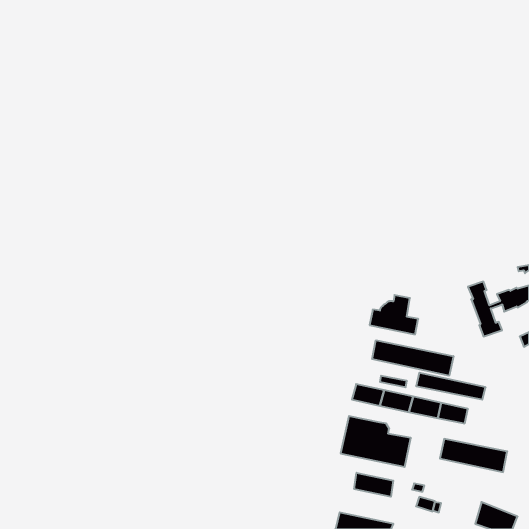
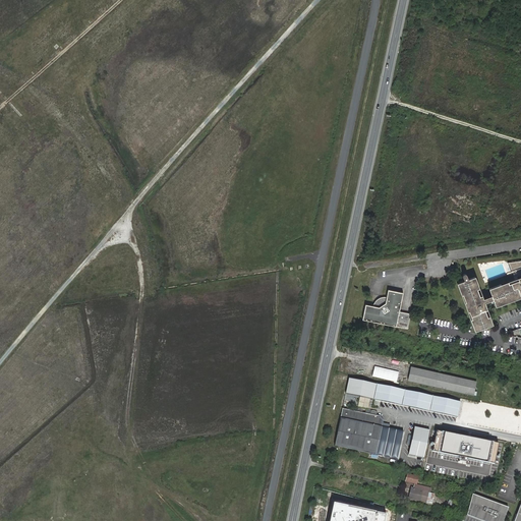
building: [372,340,453,376] -> none
building: none -> [409,426,430,457]
building: [354,473,393,497] -> none

